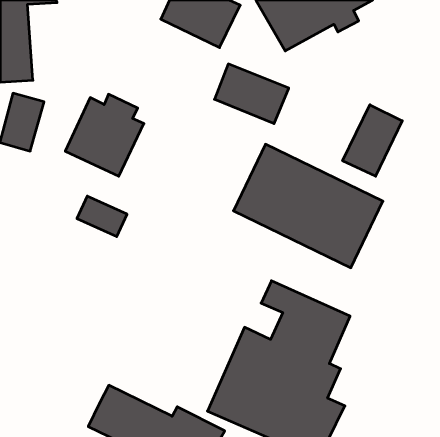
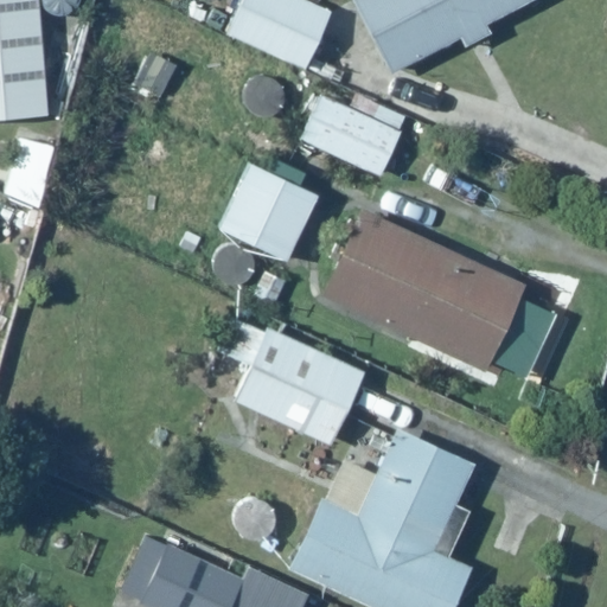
building: [65,94,144,176] -> [212,155,320,268]
building: [343,105,402,176] -> none
building: none -> [222,312,370,449]

